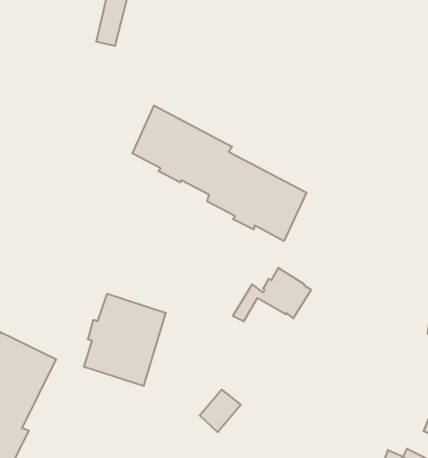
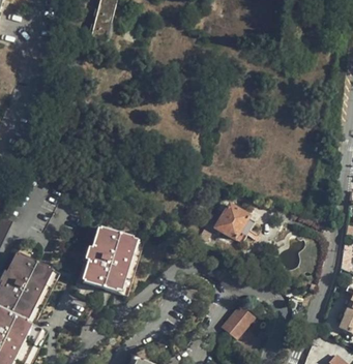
building: [132,106,307,241] -> none
building: [200,390,241,432] -> [223,306,254,338]

